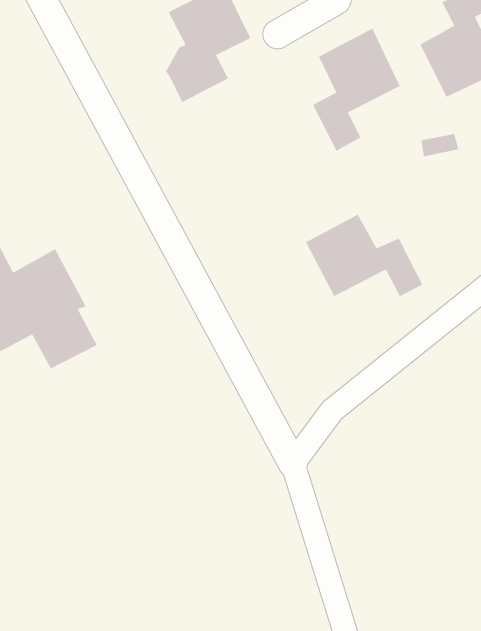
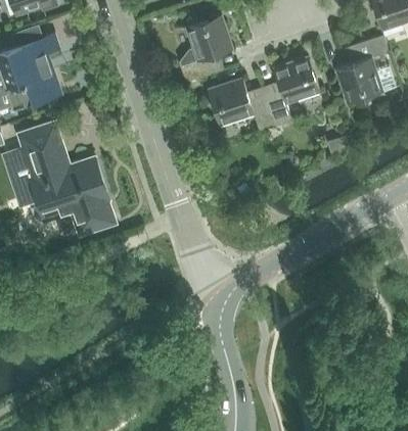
building: [305,214,423,297] -> [208,77,275,131]

